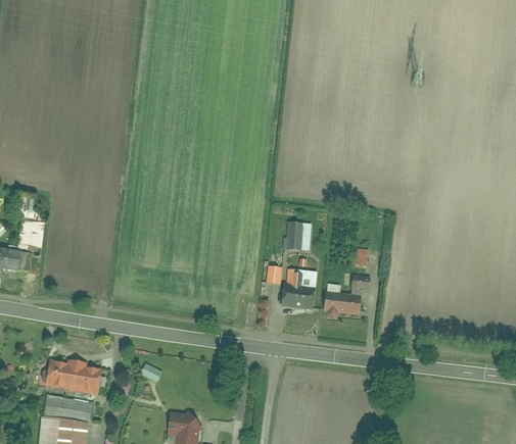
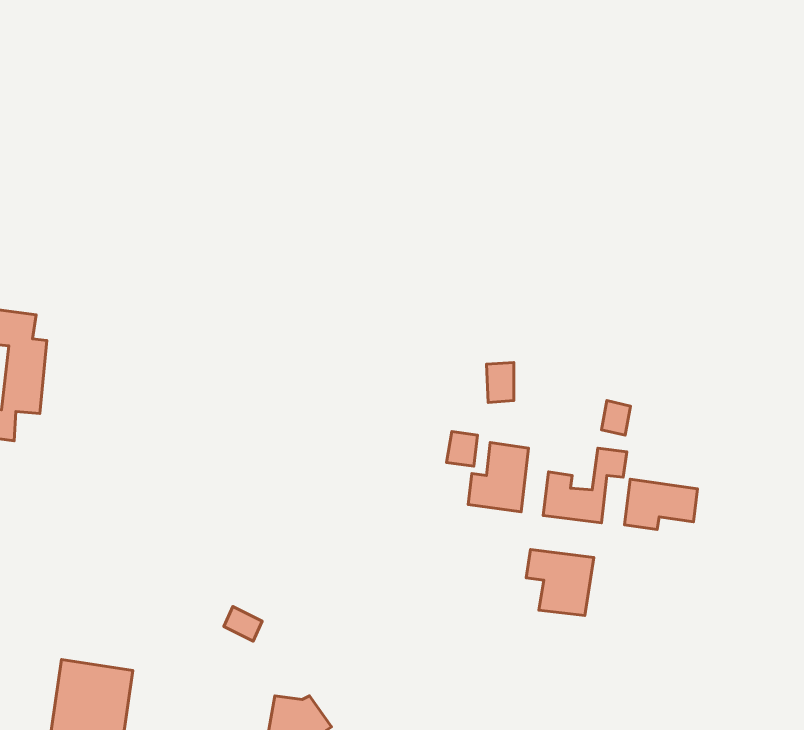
building: none -> [625,479,698,529]
building: none -> [526,549,594,616]
building: [46,360,97,388] -> none

